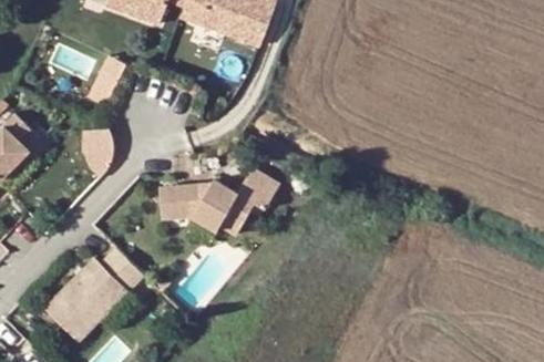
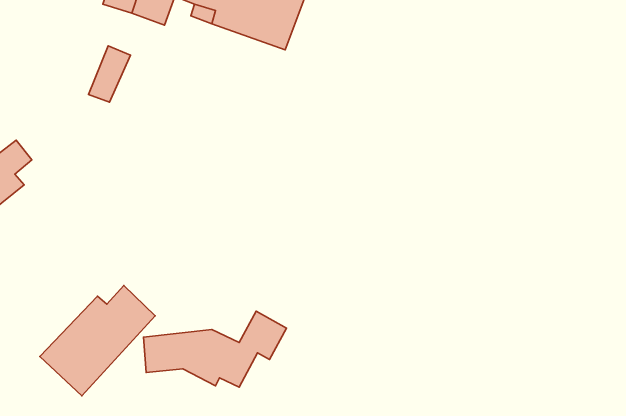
building: [81,125,113,175] -> none
building: [158,165,279,229] -> [143,311,286,387]

